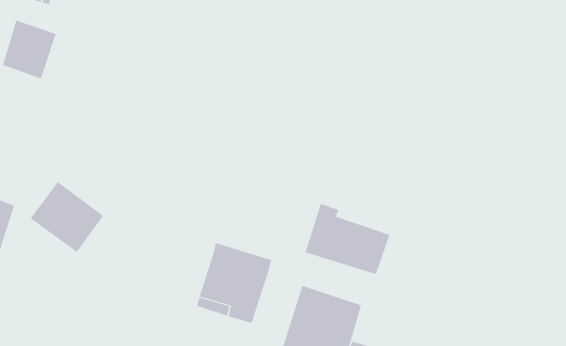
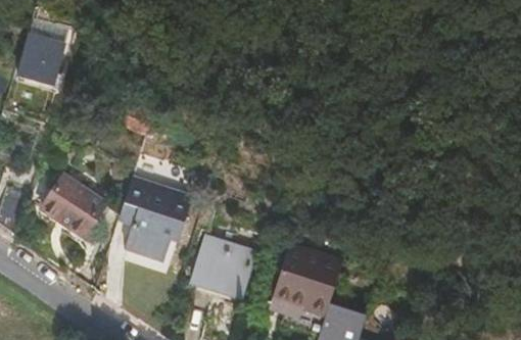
building: none -> [117,178,192,263]
building: [305,203,390,275] -> none

